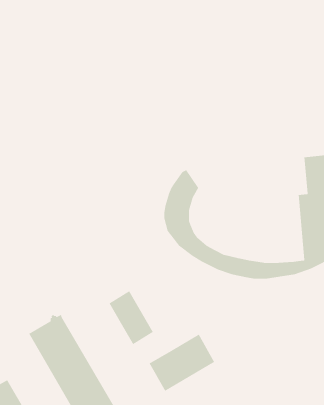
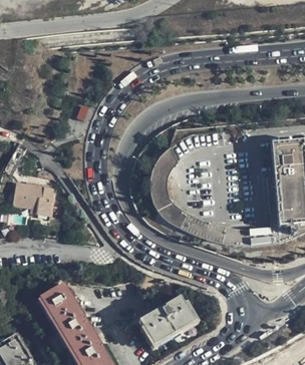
building: none -> [15,180,54,215]
building: [108,290,154,345] -> none

